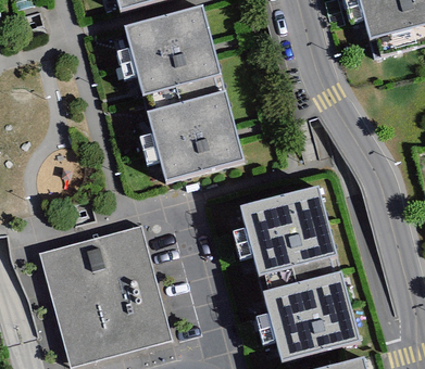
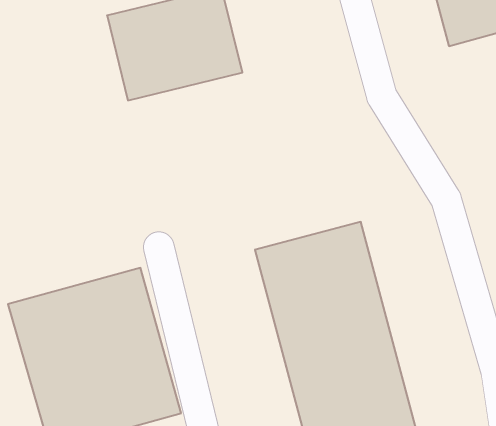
building: [141,89,247,182] -> none

